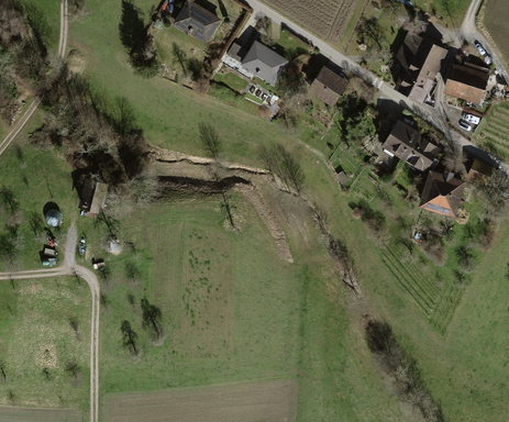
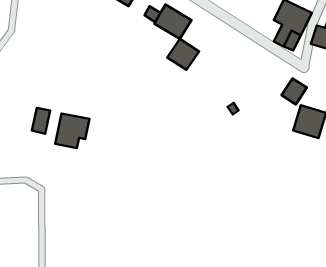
building: [307,66,348,107] -> [167,39,199,70]
building: [385,123,421,158] -> none
building: none -> [55,114,89,148]

